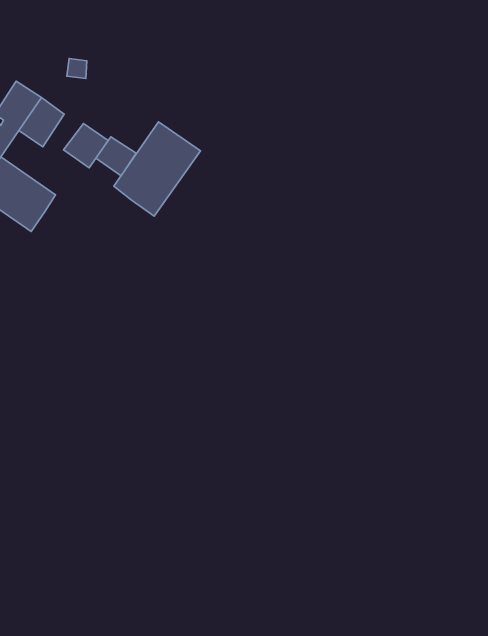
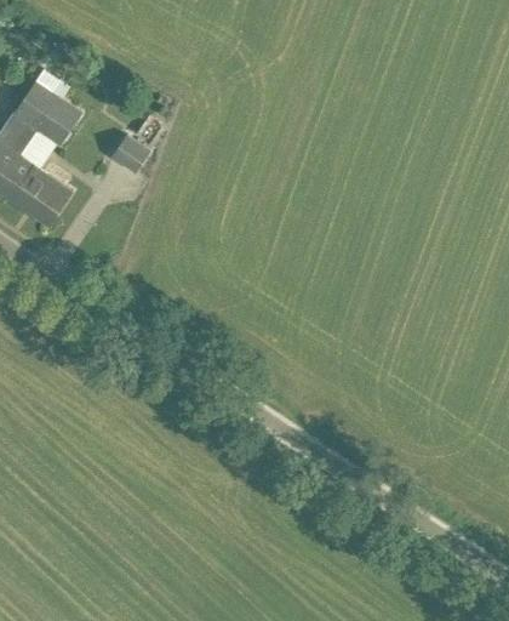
building: [114,122,200,216] -> none
building: [64,124,108,168] -> none

